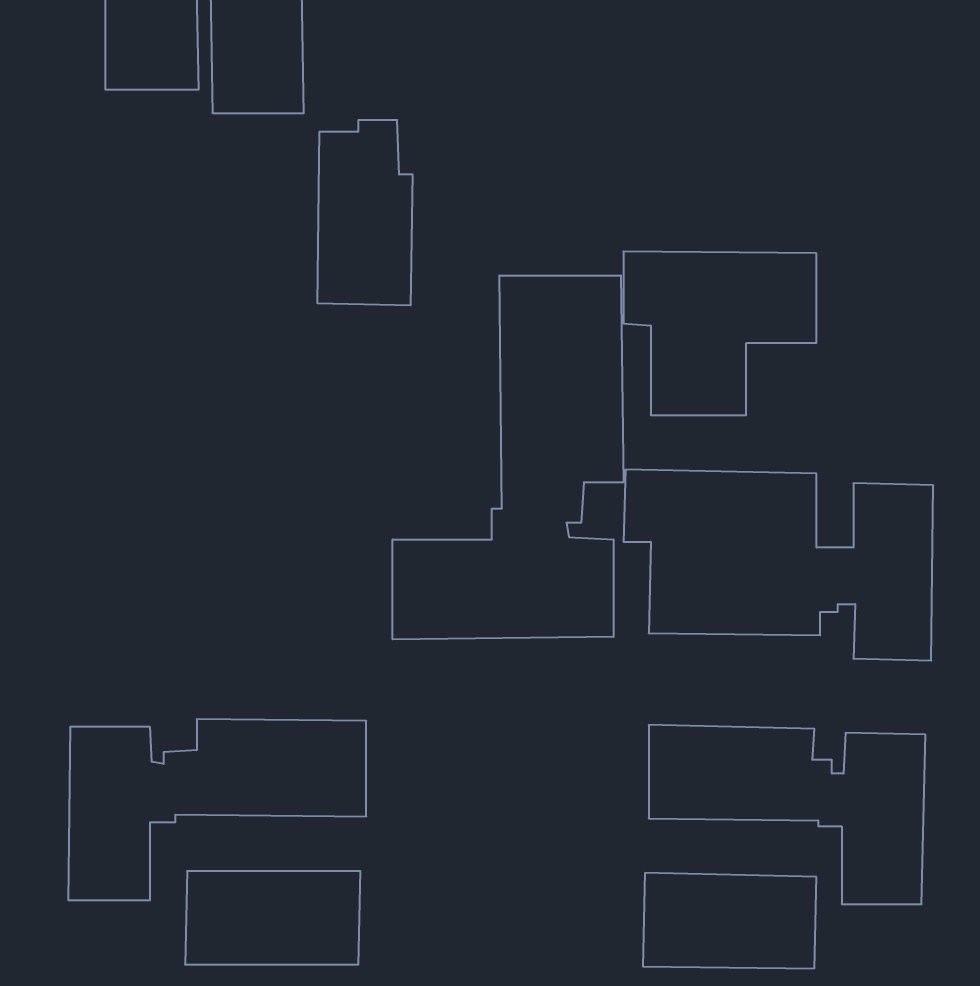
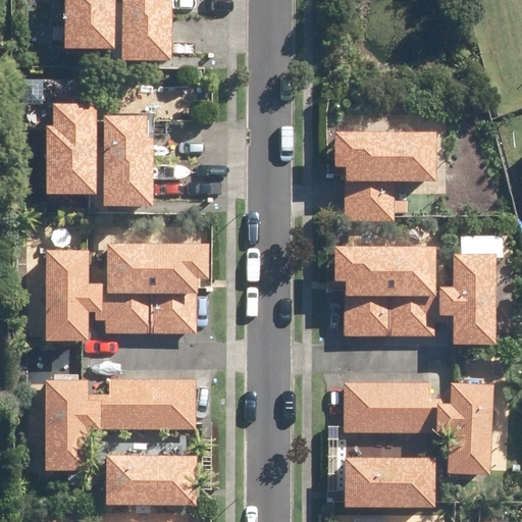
building: [317,120,413,305] -> [99,110,149,207]
building: none -> [43,102,93,194]
building: [393,275,623,639] -> none
building: none -> [45,244,209,340]

